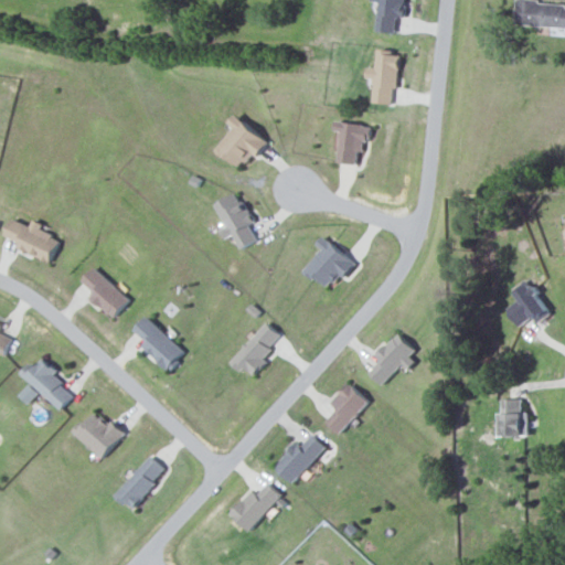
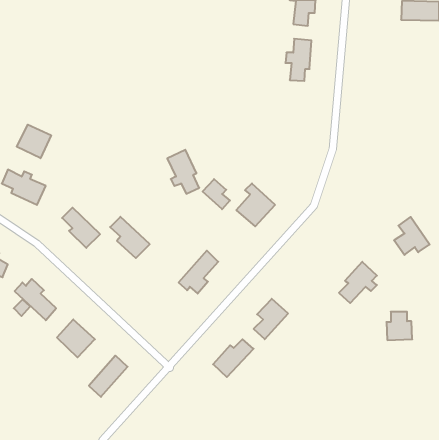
building: [215,114,266,170] -> none
building: [333,120,371,164] -> none
building: none -> [17,125,51,158]
building: none -> [203,179,230,209]
building: [131,316,182,369] -> [110,217,150,258]
building: [366,332,415,385] -> [339,262,377,303]
building: [228,482,281,531] -> none

